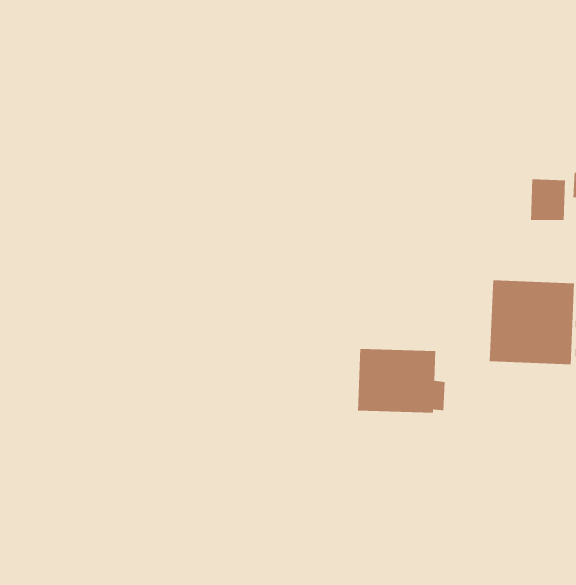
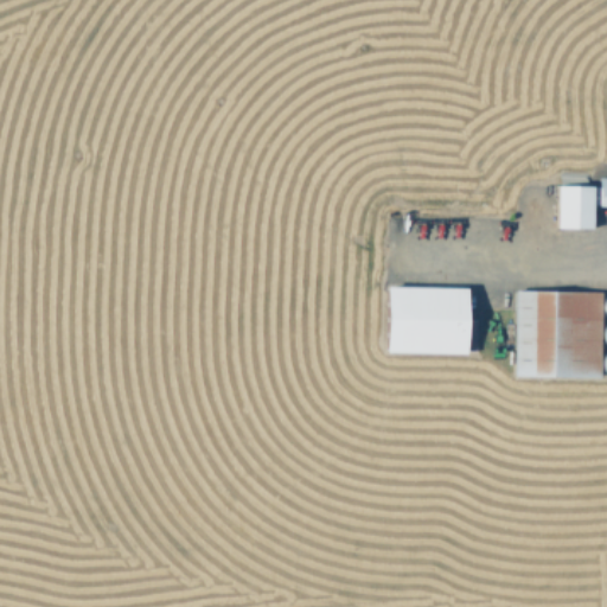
building: [357,348,445,413] -> [390,286,481,353]

